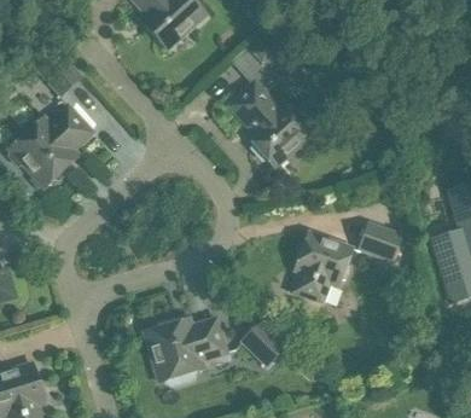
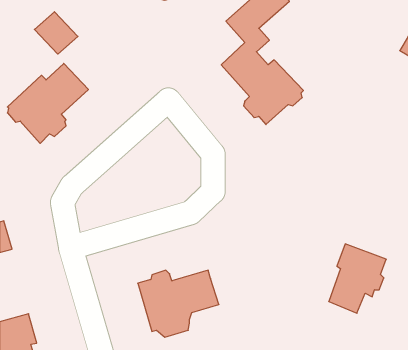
building: [357,223,400,261] -> none
building: [291,232,350,303] -> [329,244,386,313]
building: [240,320,284,365] -> none

